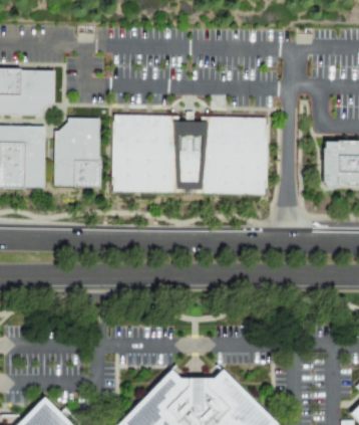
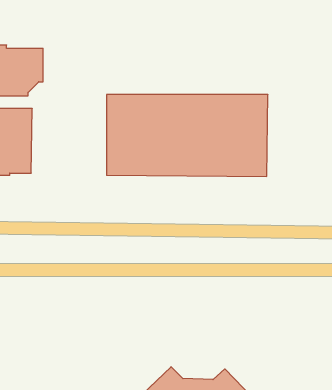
building: [55,122,102,186] -> none

